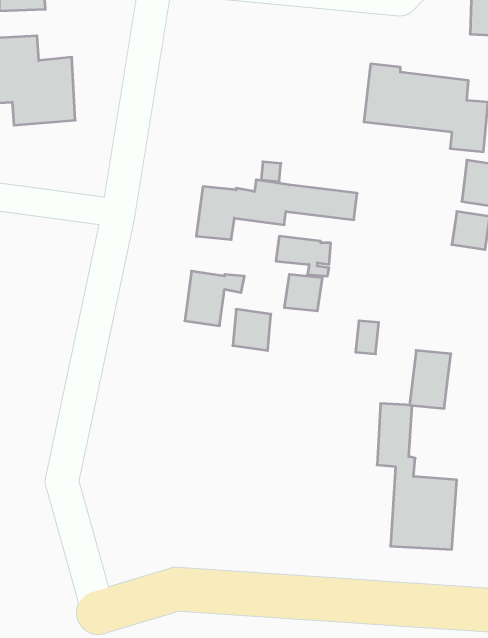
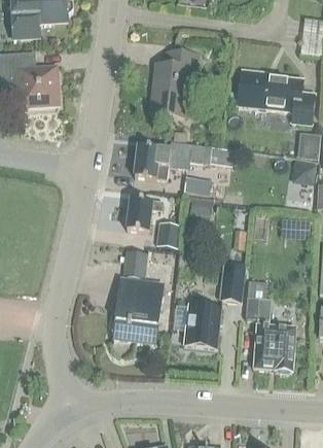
building: none -> [150,50,196,116]
building: [409,350,451,408] -> [219,266,245,302]
building: none -> [122,249,147,277]
building: none -> [112,281,163,344]
building: none -> [184,304,221,348]

